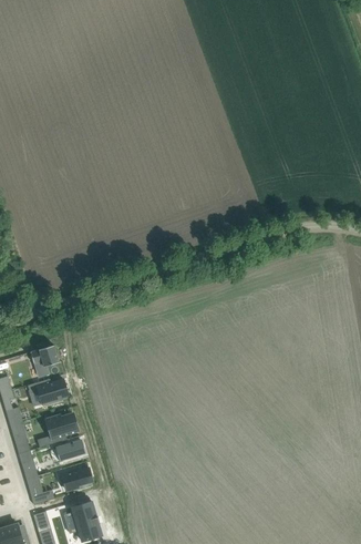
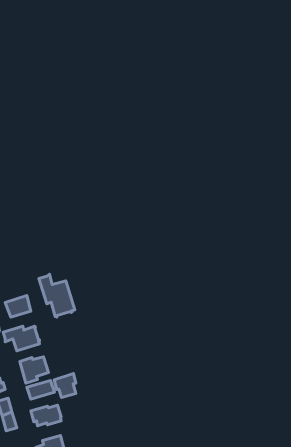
building: none -> [39,274,75,317]
building: none -> [54,374,76,398]

